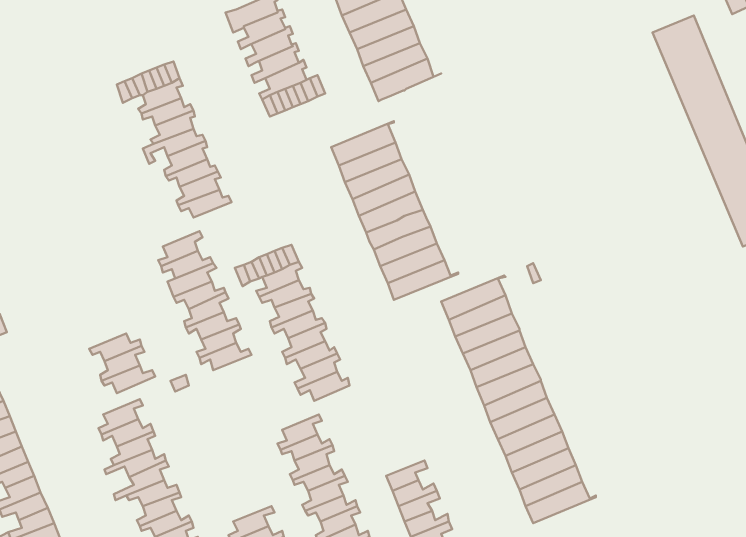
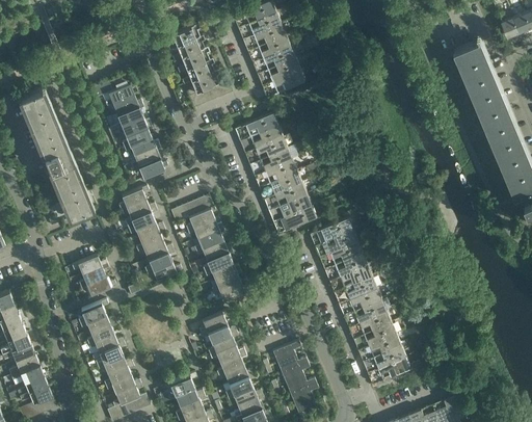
building: none -> [19,87,92,219]

